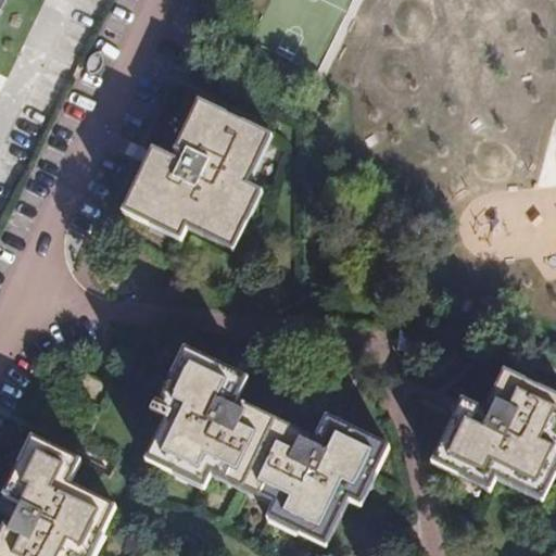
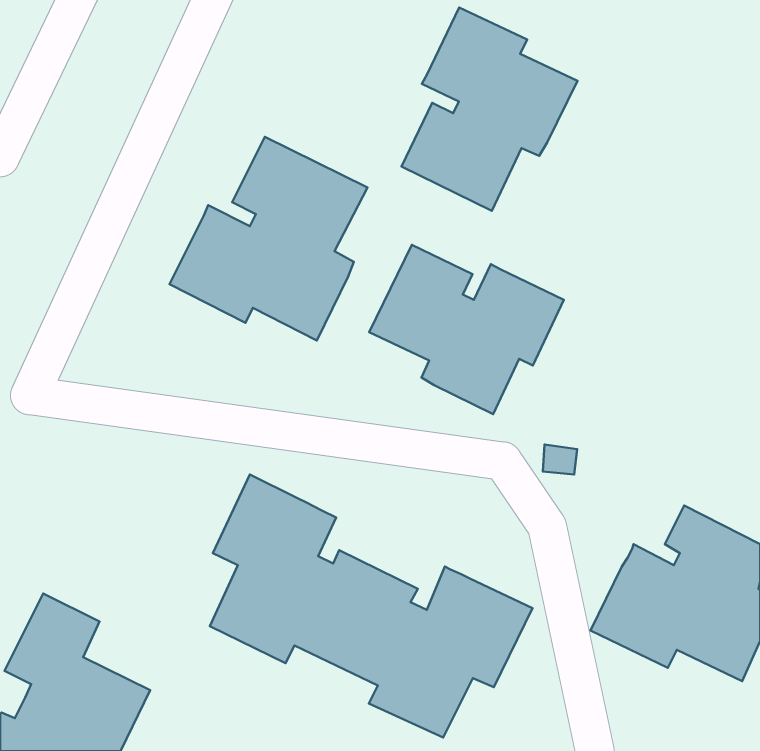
building: none -> [401,8,577,211]
building: none -> [369,245,564,414]

